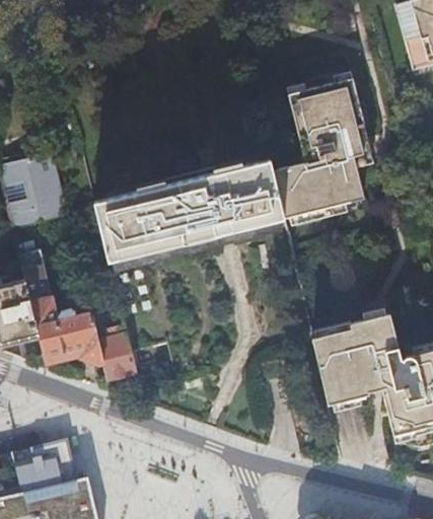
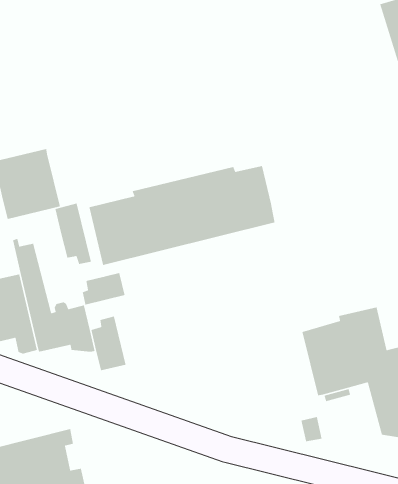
building: [272,77,373,217] -> none
building: none -> [54,203,92,265]
building: none -> [82,272,126,305]

